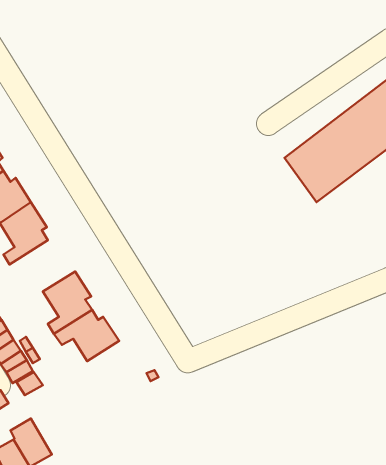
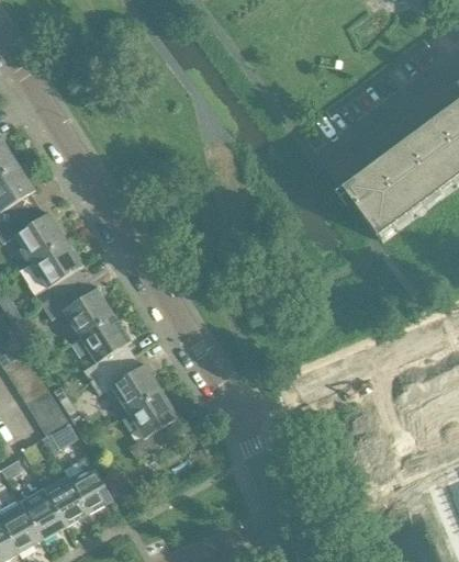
building: none -> [41,280,112,336]
building: none -> [125,390,179,458]
building: none -> [64,456,111,514]

